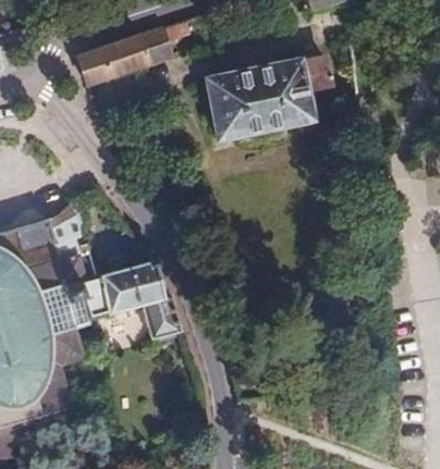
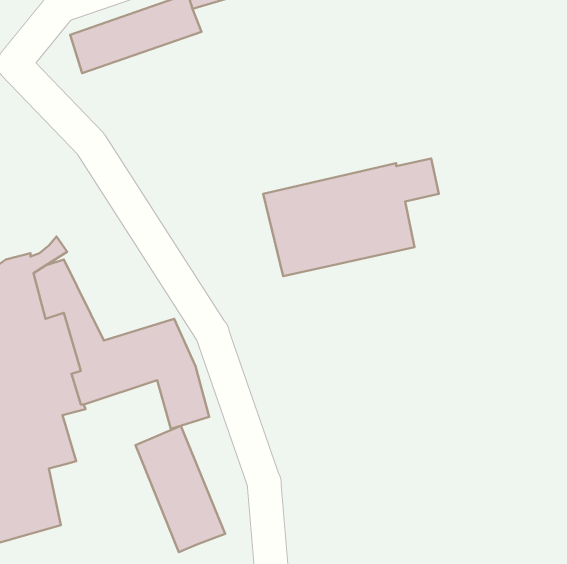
building: [203,54,328,138] -> [263,159,439,276]
building: none -> [136,426,225,552]

